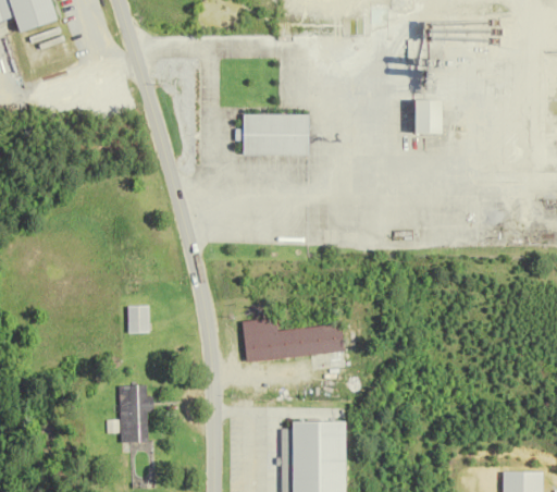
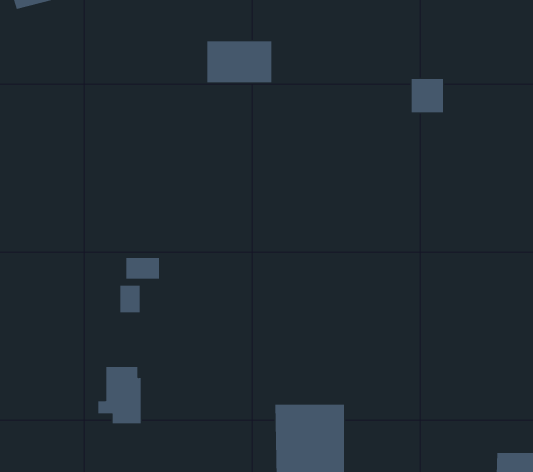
building: [244,113,309,155] -> [206,41,272,83]
building: none -> [126,257,159,279]
building: [244,318,346,360] -> none

